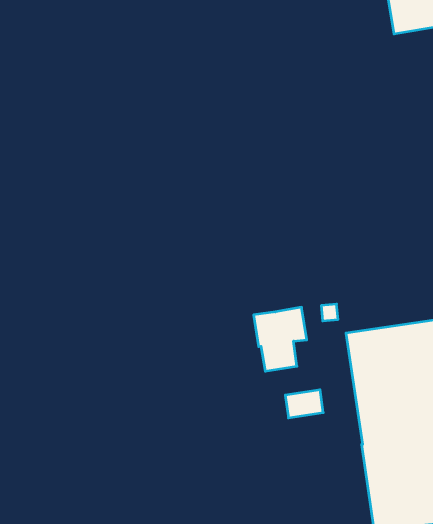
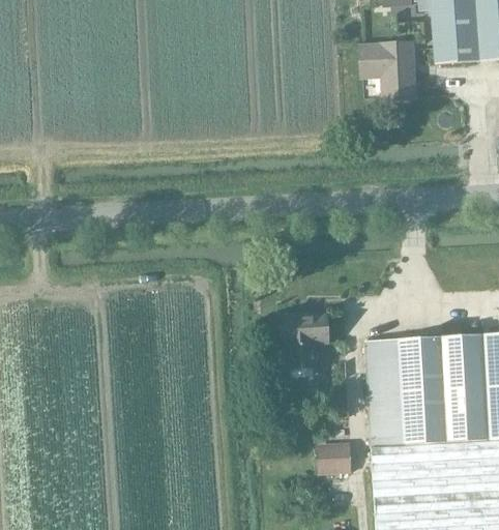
building: none -> [361,43,415,100]
building: [285,390,323,418] -> [318,450,352,474]

